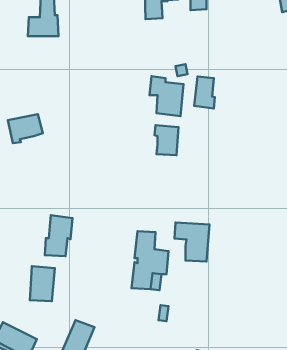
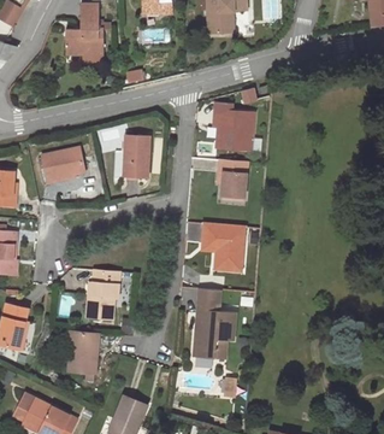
building: [194,77,215,109] -> none
building: none -> [124,135,150,176]
building: [175,222,210,261] -> [202,223,244,270]

